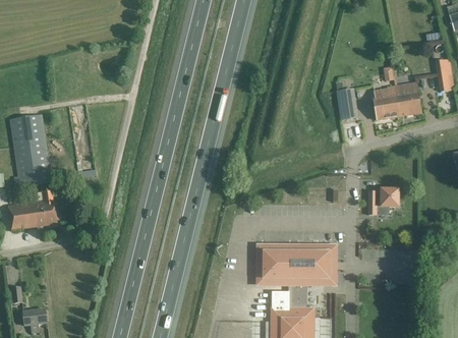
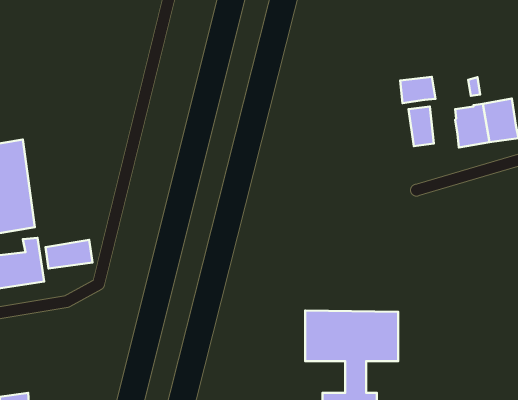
building: none -> [400,77,435,103]
building: [368,189,399,215] -> none
building: none -> [45,240,93,268]

